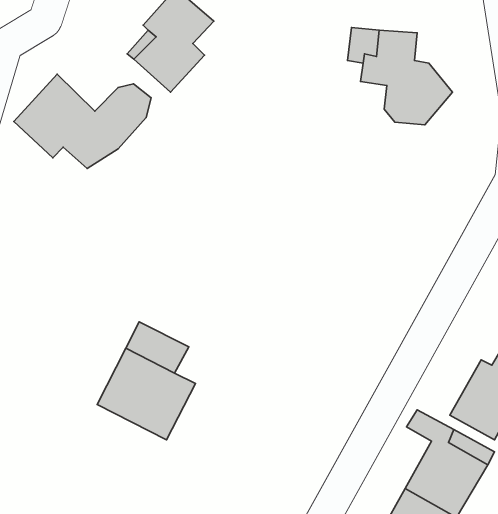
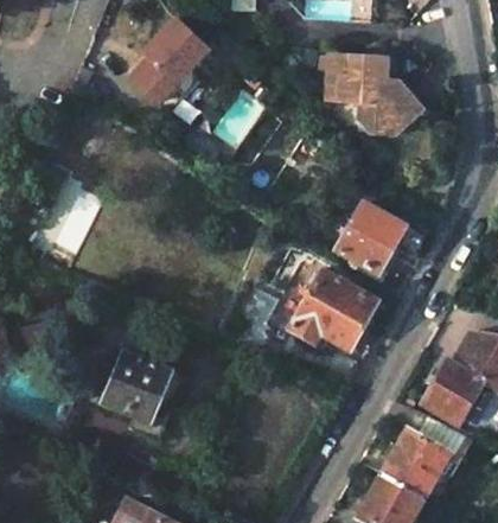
building: [14,74,151,168] -> none
building: none -> [330,198,401,270]
building: none -> [283,267,372,350]

